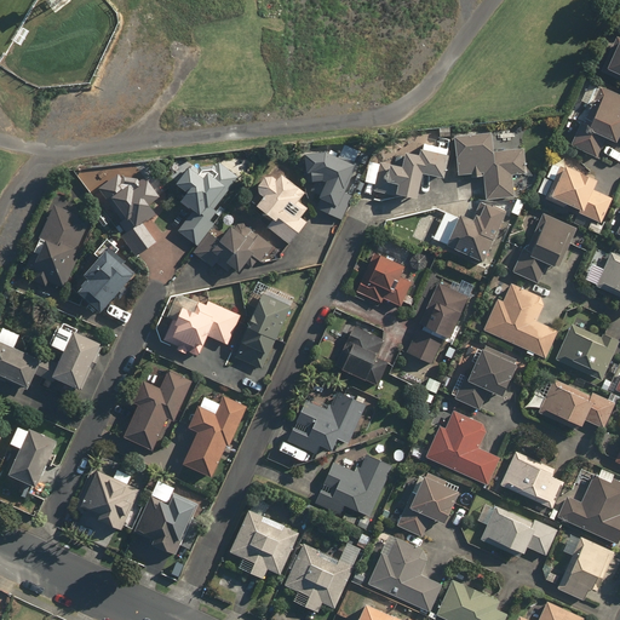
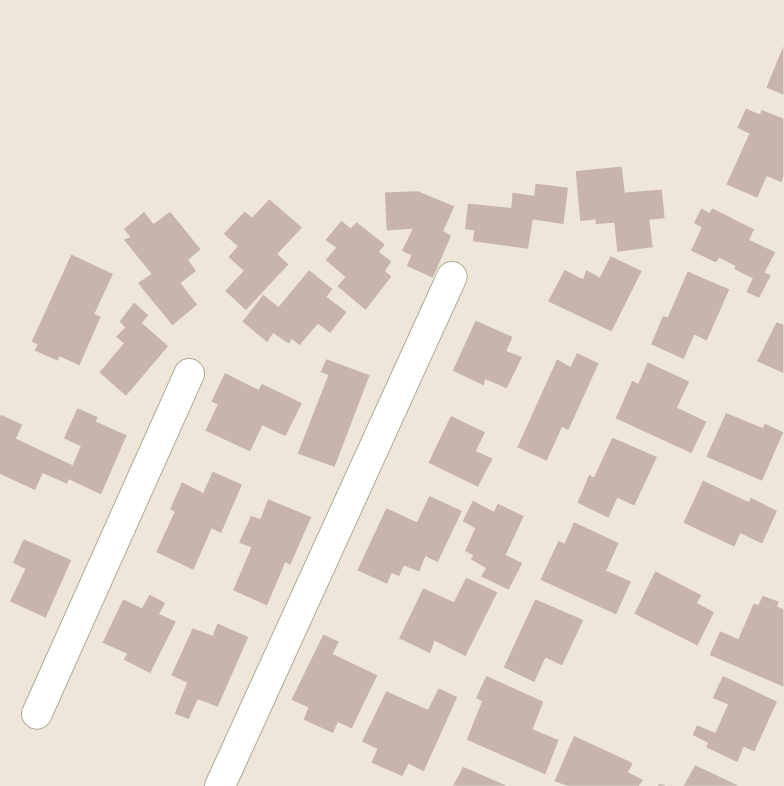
building: none -> [462,500,524,590]
building: [477,500,557,557] -> none

